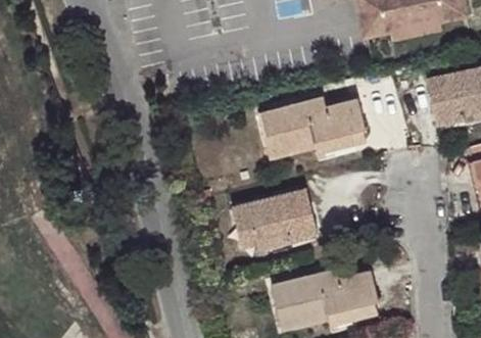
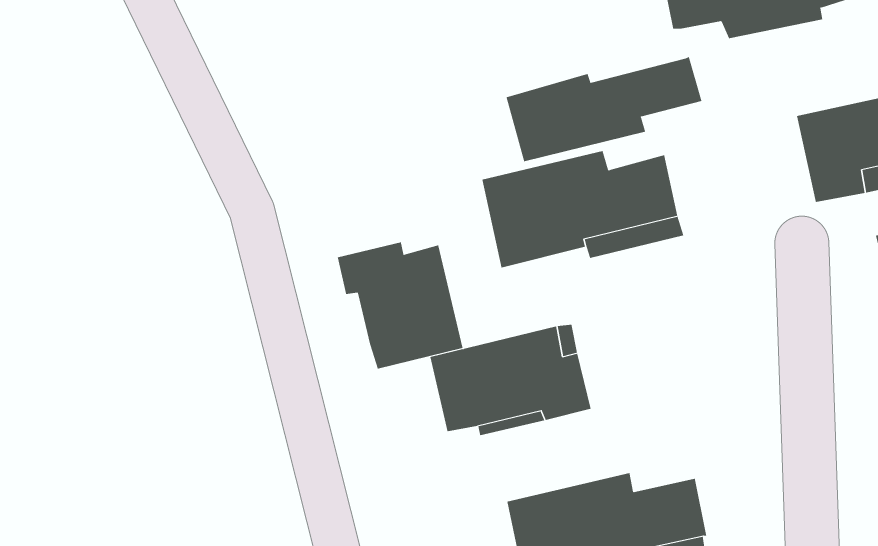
building: none -> [506,56,702,162]
building: none -> [337,242,463,370]

